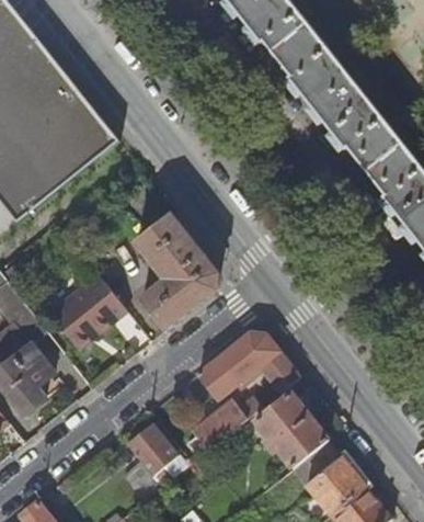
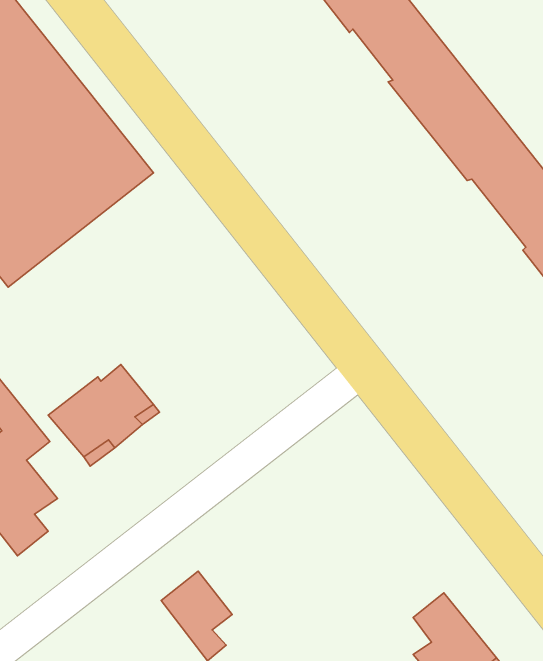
building: [134,214,218,330] -> none
building: [197,331,298,400] -> none
building: [254,392,326,467] -> none
building: [192,399,245,450] -> none

